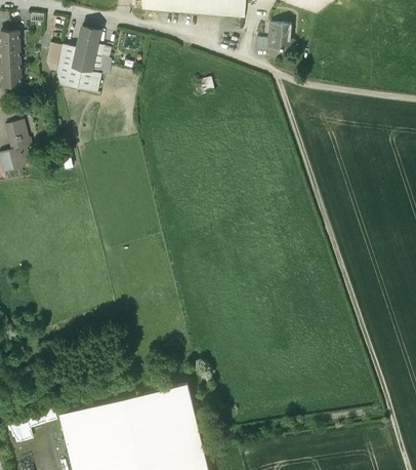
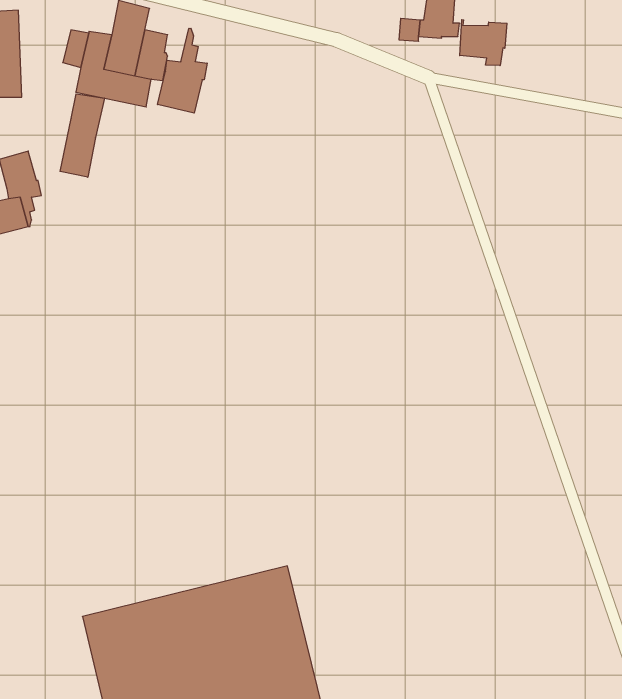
building: none -> [460,20,507,66]
building: none -> [158,28,207,113]
building: none -> [60,94,104,177]

